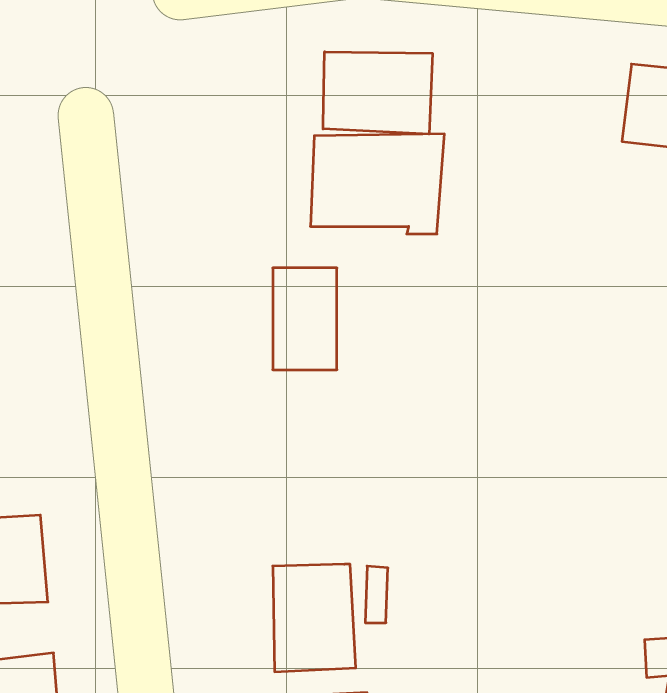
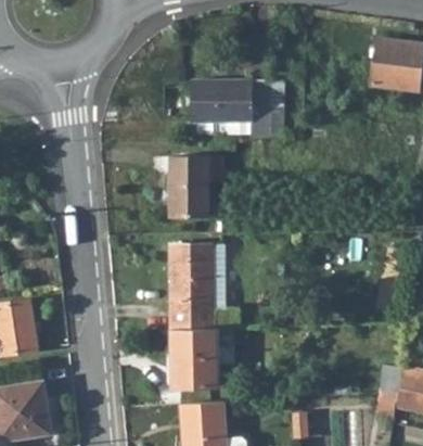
building: [323,52,432,134] -> none
building: none -> [169,233,225,329]

